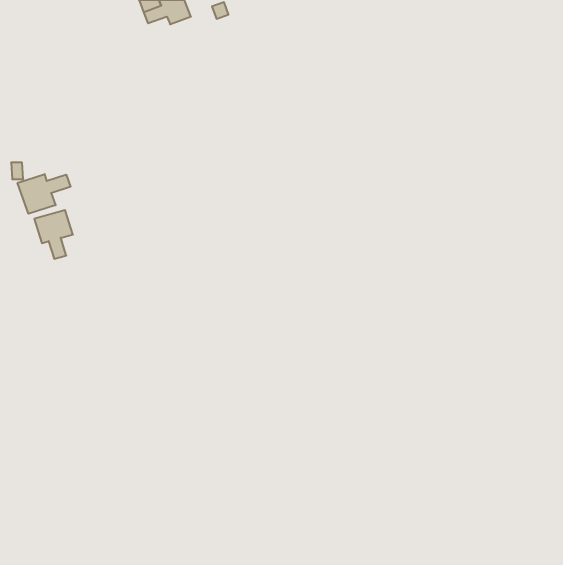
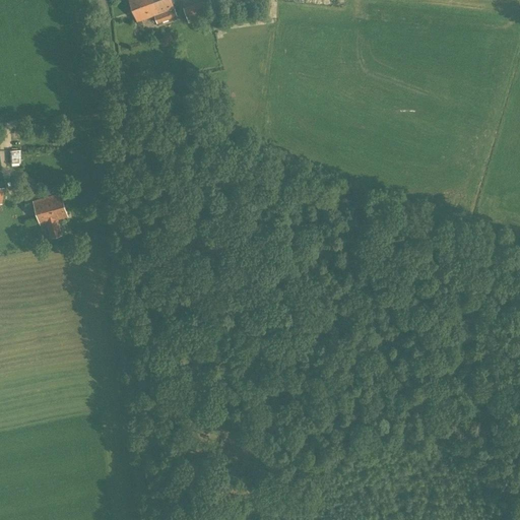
building: [18,174,71,214] -> none

